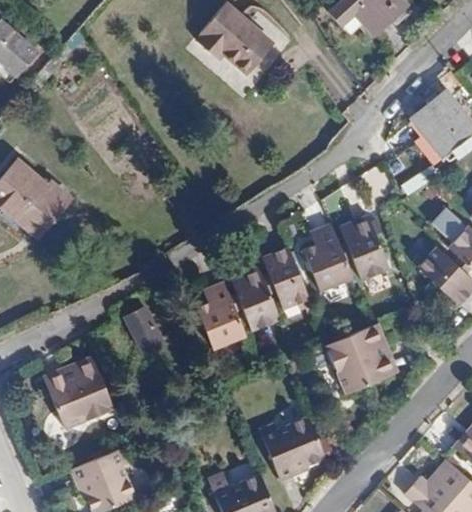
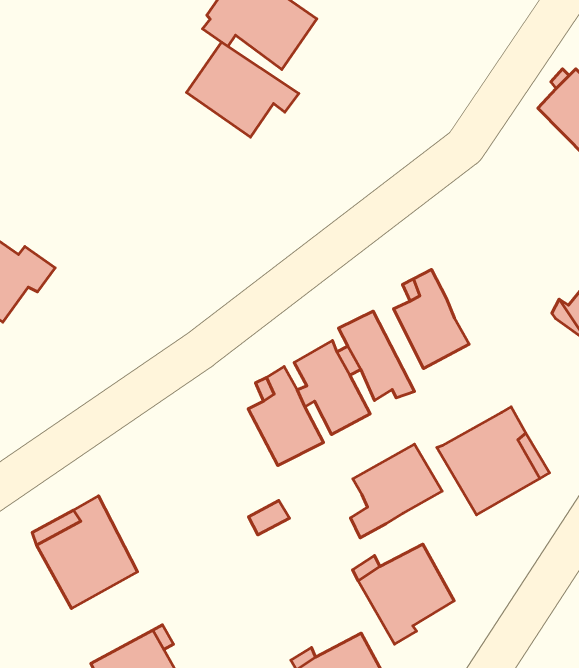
building: none -> [186,42,299,137]
building: [341,216,389,280] -> none
building: [129,313,169,360] -> none
building: none -> [350,444,442,538]

